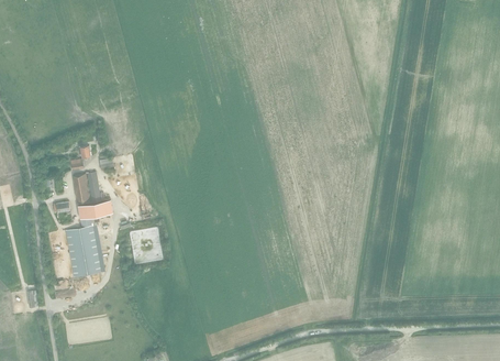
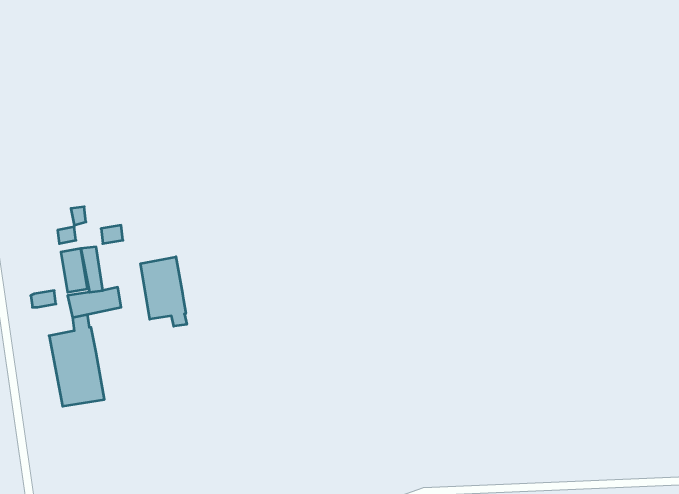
building: none -> [141,257,187,326]

